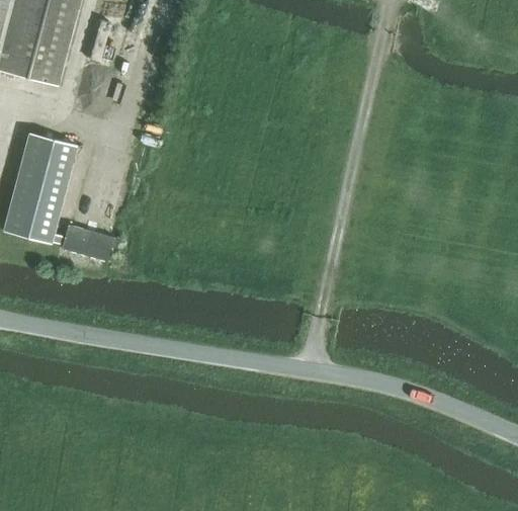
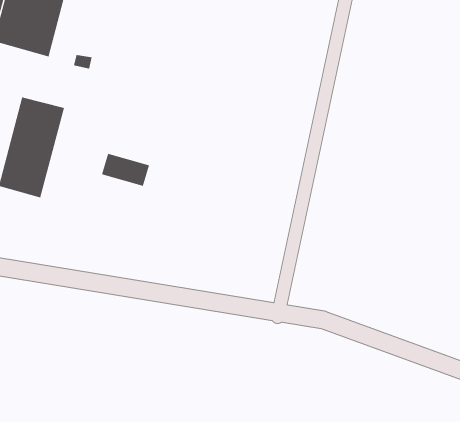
building: [63,226,116,262] -> [101,153,150,186]

